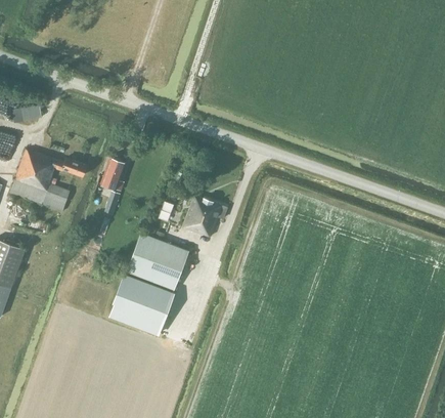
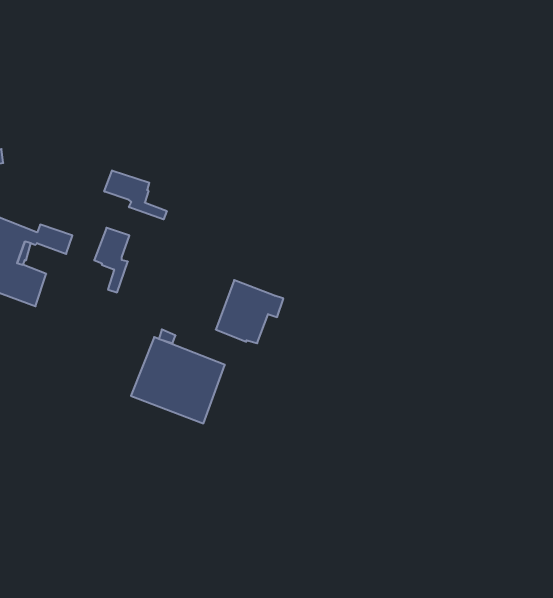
building: none -> [104,170,167,219]
building: [109,275,174,335] -> none

